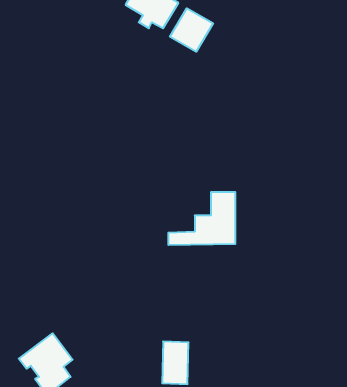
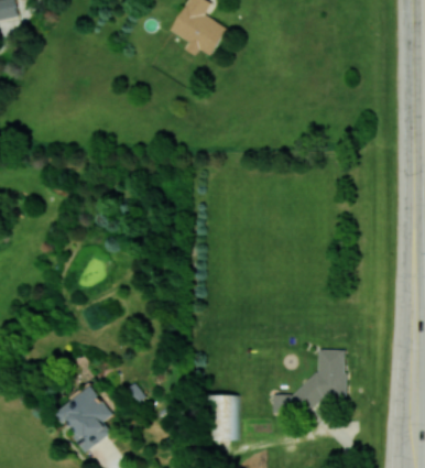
building: [170,8,213,52] -> none
building: [168,192,235,245] -> [273,350,346,407]

